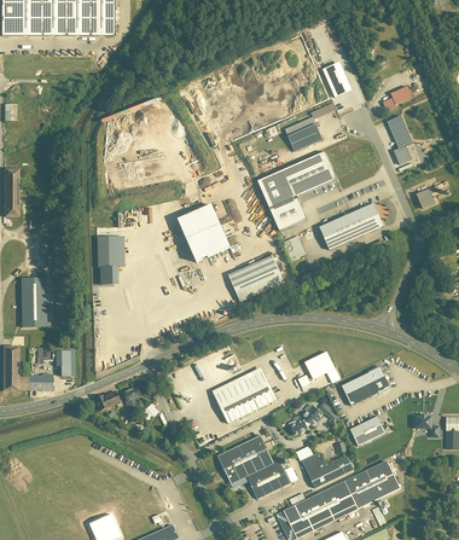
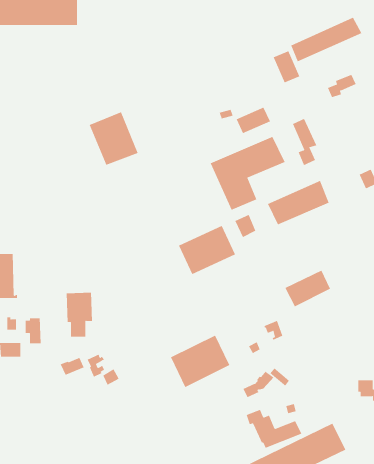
building: none -> [291,17,362,62]
building: [387,116,413,167] -> [292,118,317,166]
building: [178,204,231,262] -> [89,111,139,166]
building: [95,237,124,285] -> [66,292,93,337]
building: [339,367,389,407] -> [284,270,331,307]
building: [350,414,387,445] -> none
building: [215,434,291,499] -> none

